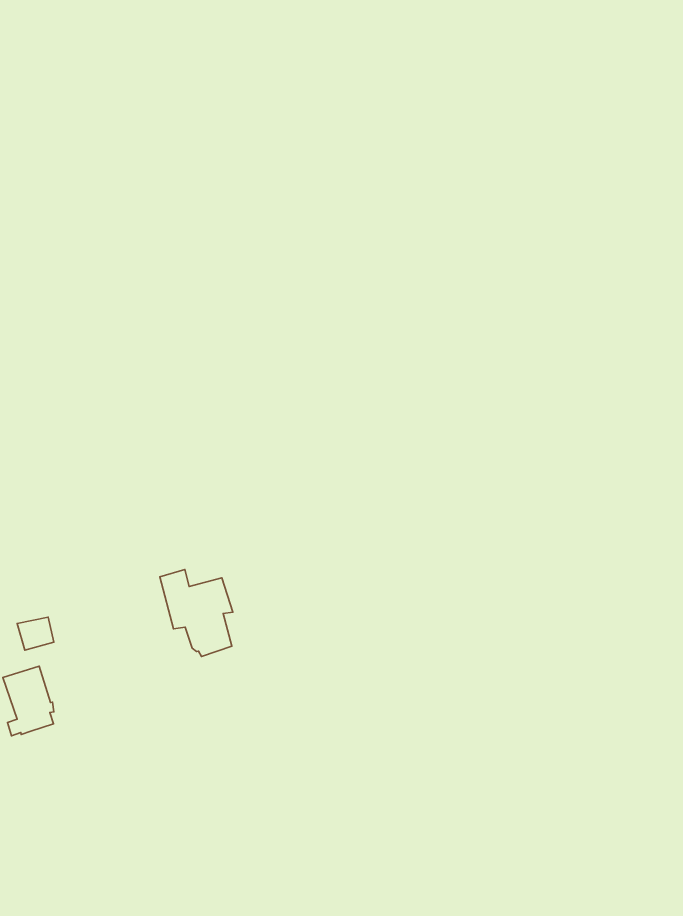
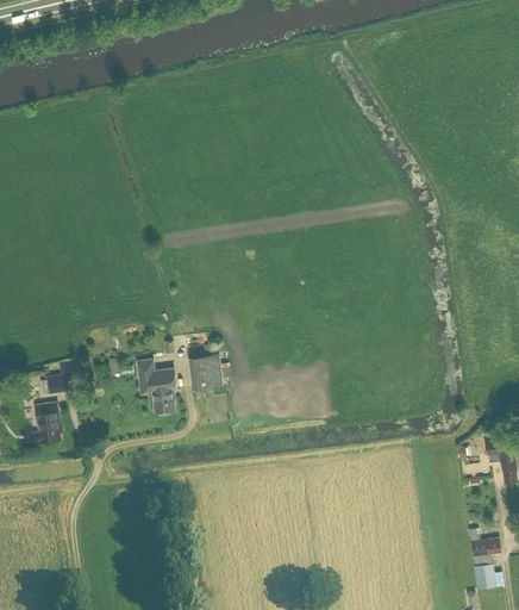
building: none -> [188,344,220,388]

